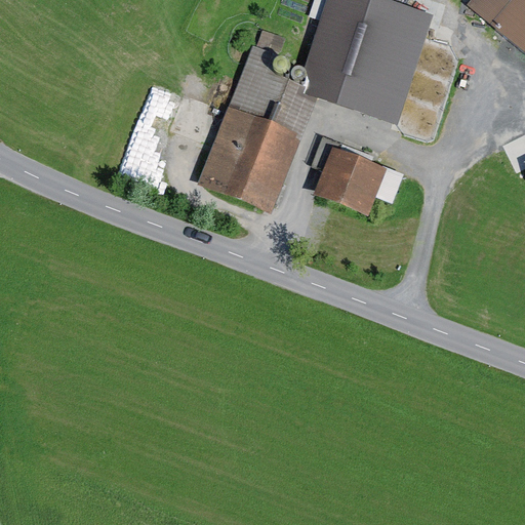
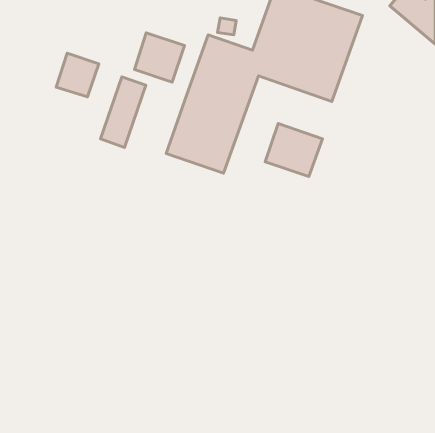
building: none -> [134,33,185,82]
building: none -> [56,53,99,97]

